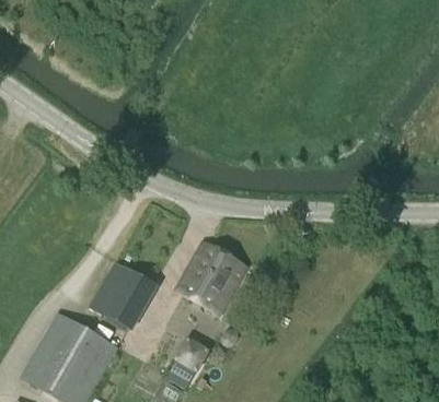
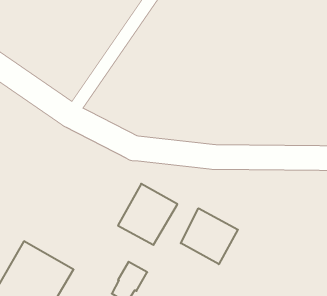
building: [89,264,157,331] -> none
building: none -> [181,208,238,264]

